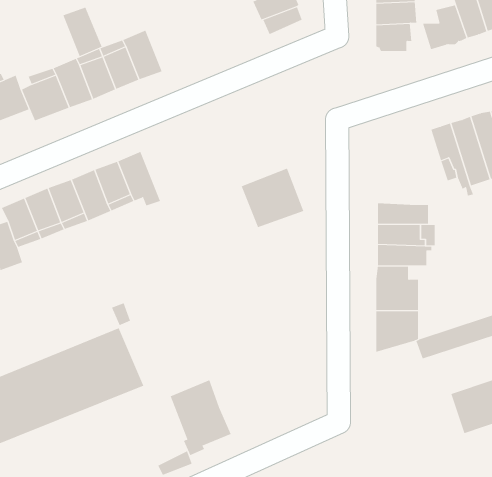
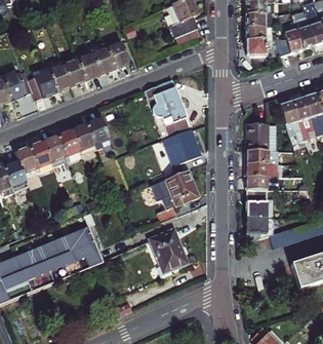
building: [63,7,102,57] -> [105,38,129,69]
building: none -> [145,79,190,136]
building: none -> [247,124,276,151]
building: none -> [151,170,199,224]
building: [170,379,232,456] -> [150,229,188,276]

